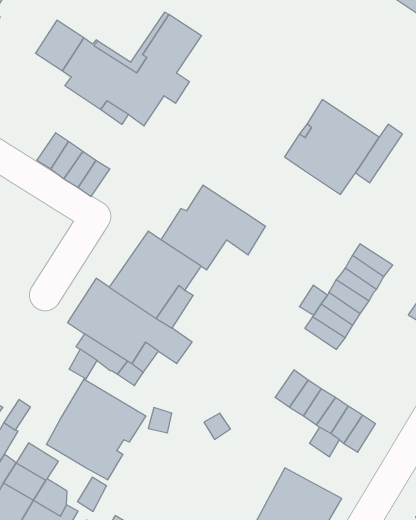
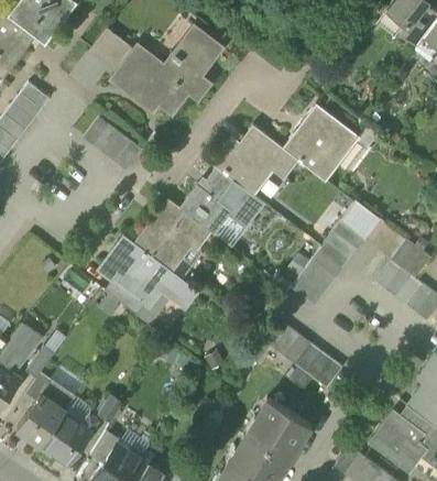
building: none -> [212,125,298,196]
building: none -> [339,200,380,240]
building: none -> [215,211,249,247]
building: [46,379,146,480] -> none

